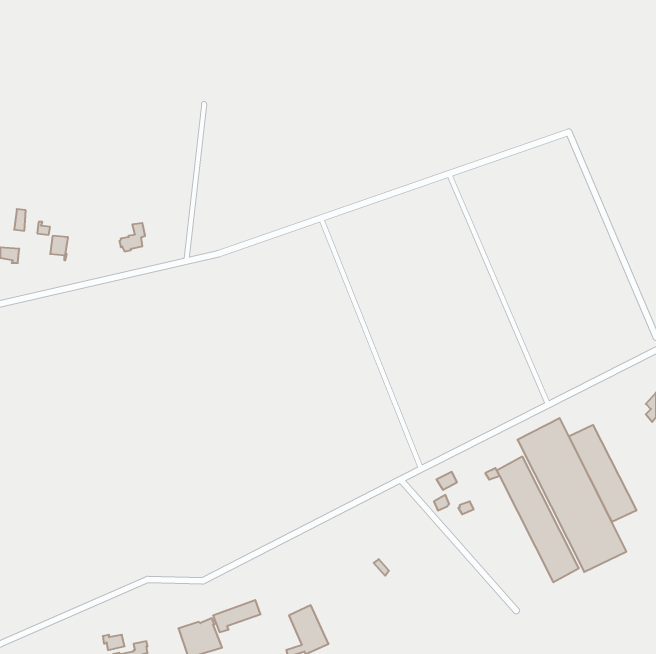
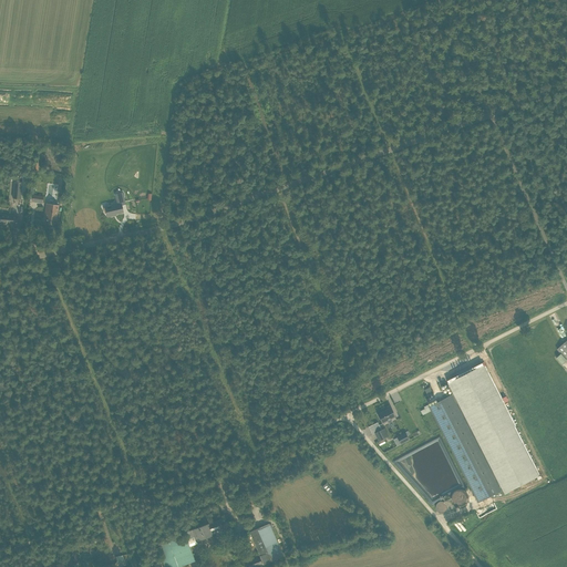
building: [569,425,636,522] -> none

